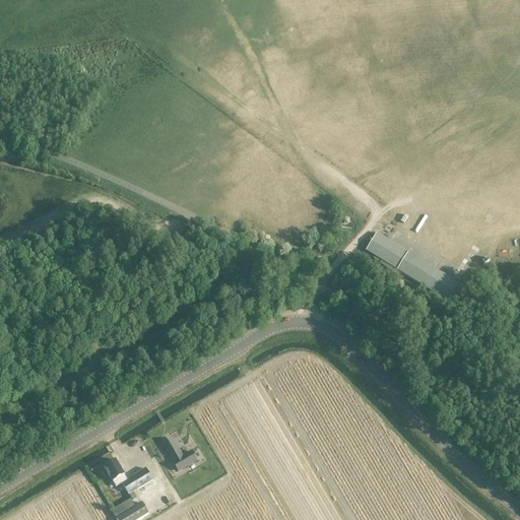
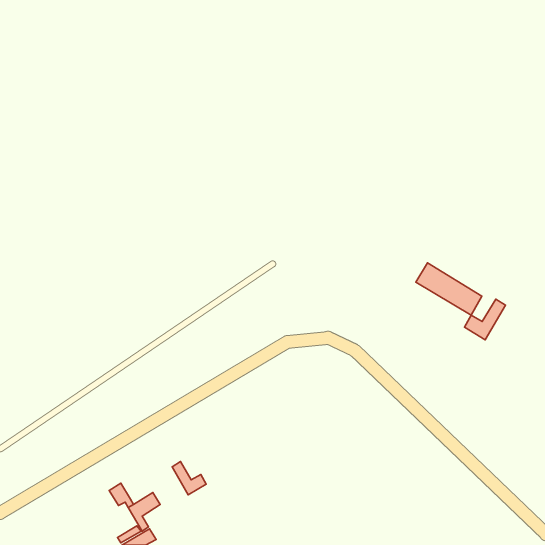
building: [365,232,407,268] -> none
building: none -> [464,299,506,340]

